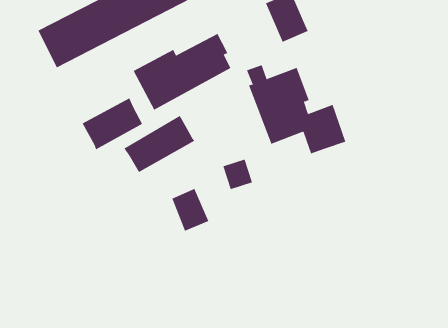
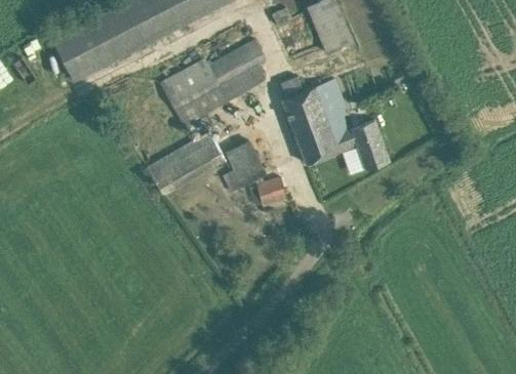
building: [82,98,143,150] -> none
building: [171,188,209,232] -> [225,136,266,183]

